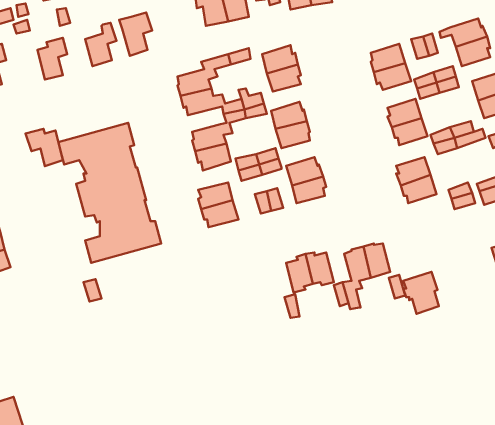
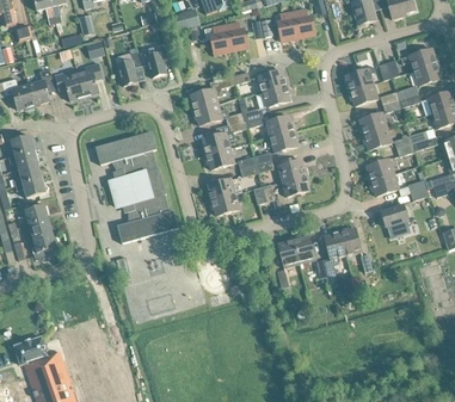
building: [26,129,63,166] -> [54,72,84,101]
building: [403,272,439,314] -> [380,204,408,237]

